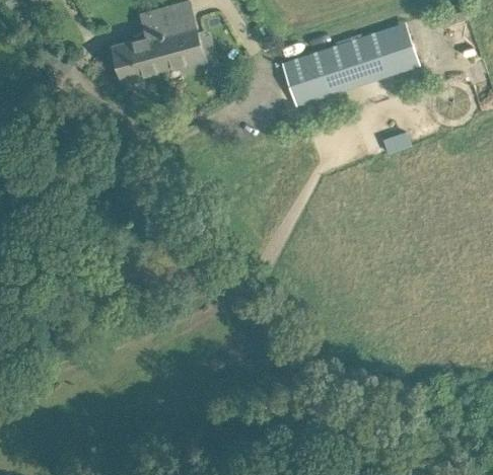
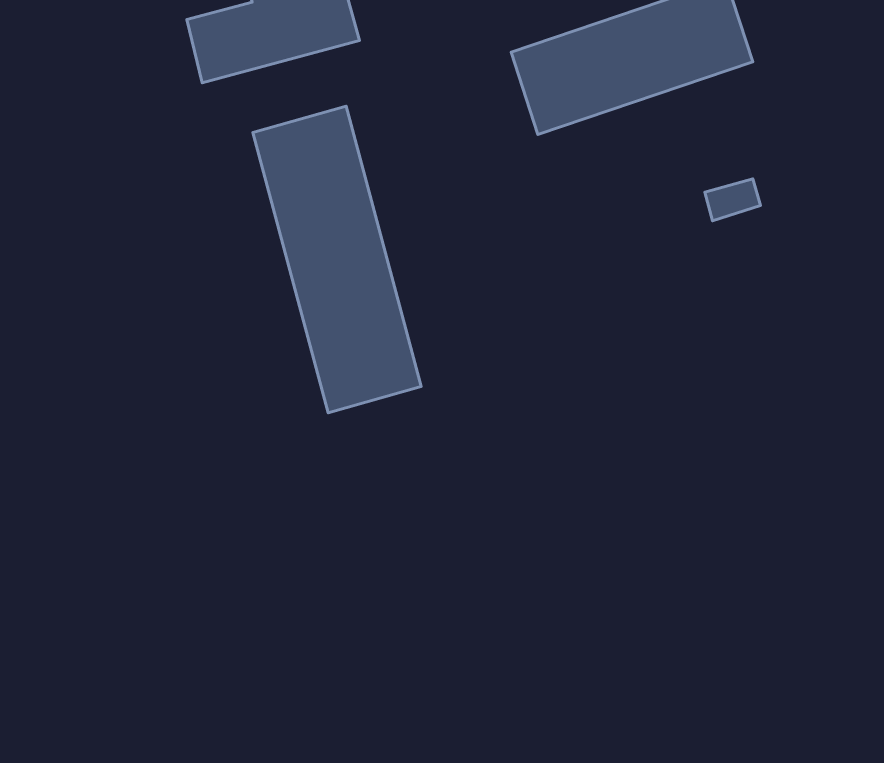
building: none -> [253,106,421,413]

